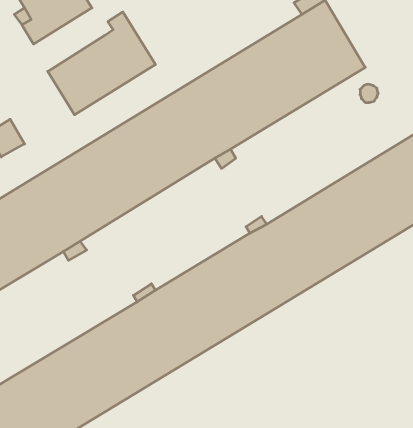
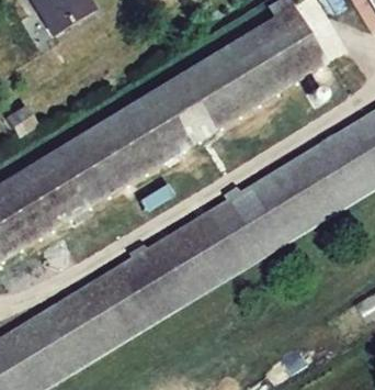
building: [48,12,155,115] -> none

